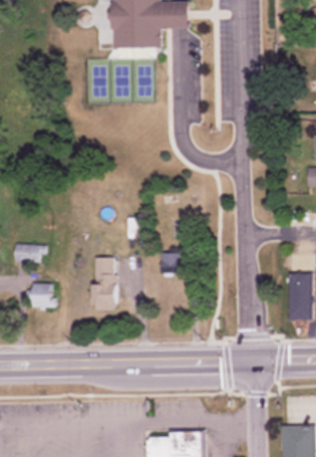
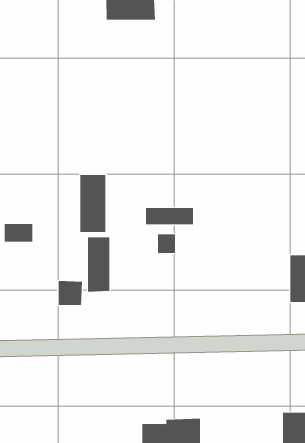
building: none -> [80,174,106,233]
building: none -> [146,207,193,225]
building: [30,283,54,307] -> [58,281,83,306]

